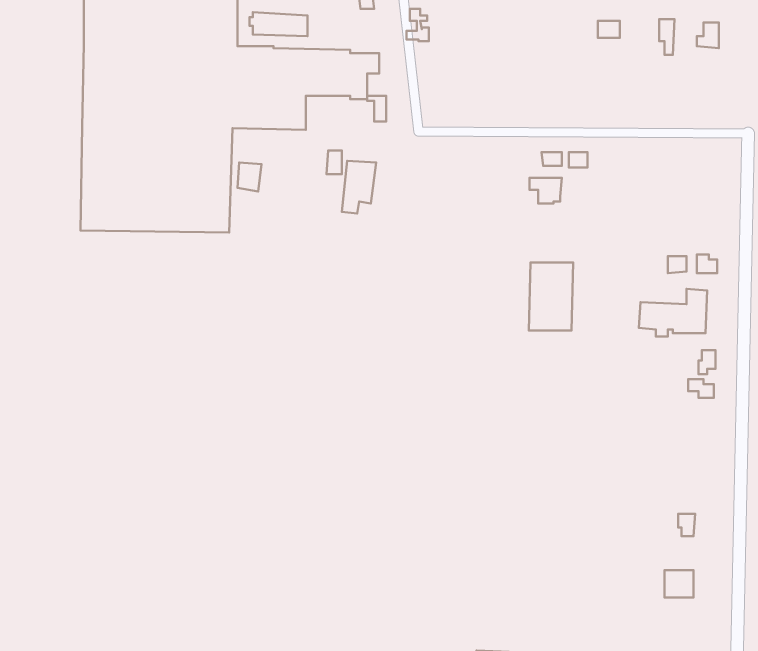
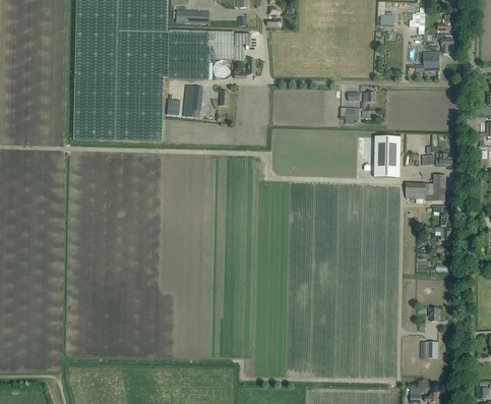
building: none -> [424,38,453,70]
building: [342,161,376,214] -> [183,84,203,116]
building: [529,262,573,331] -> [374,135,401,176]

